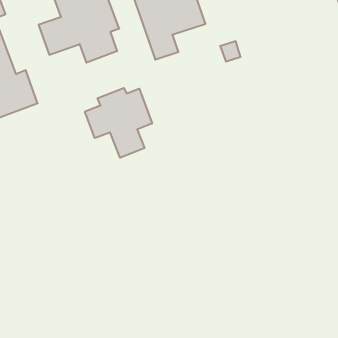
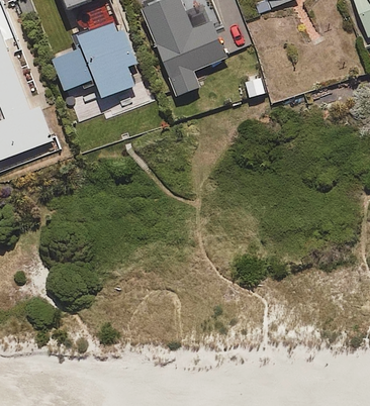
building: [85,88,152,158] -> none

